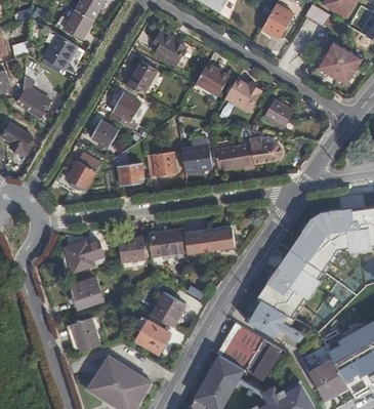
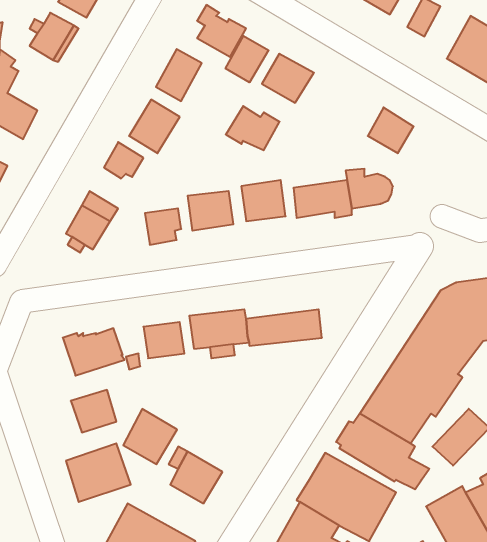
building: none -> [226,36,269,82]
building: [225,79,260,108] -> [226,106,280,150]
building: [151,292,185,328] -> [123,409,177,464]

